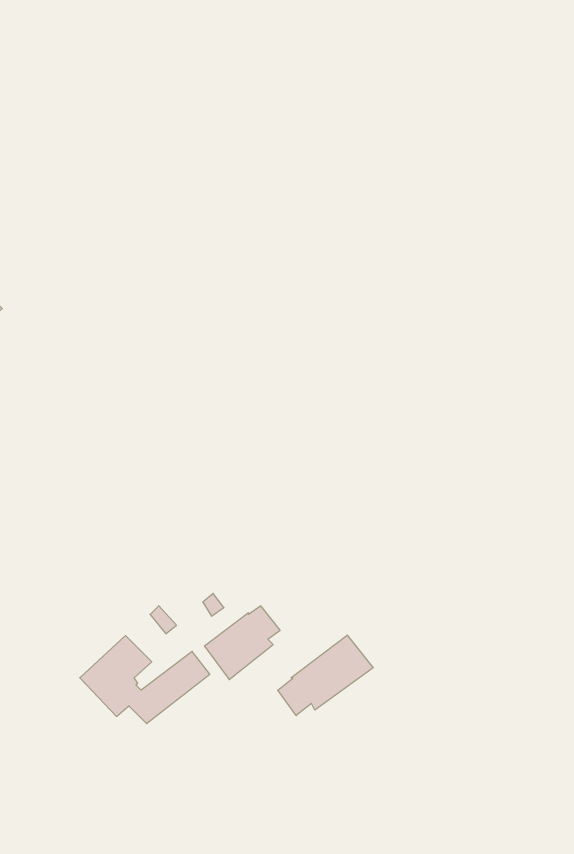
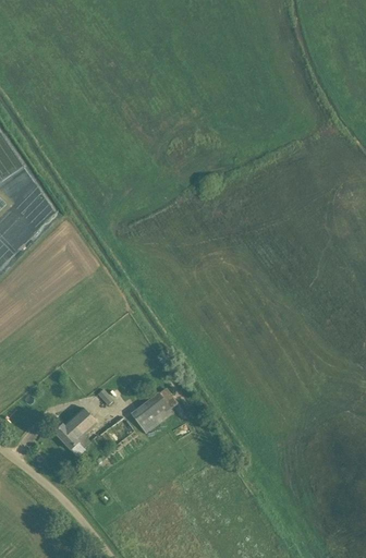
building: [278,635,373,716] -> none

